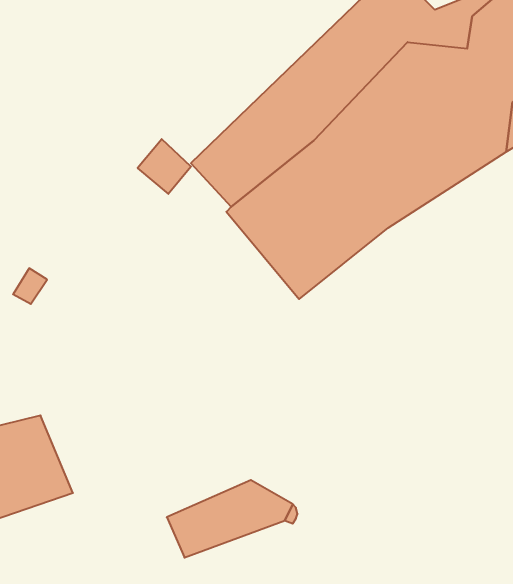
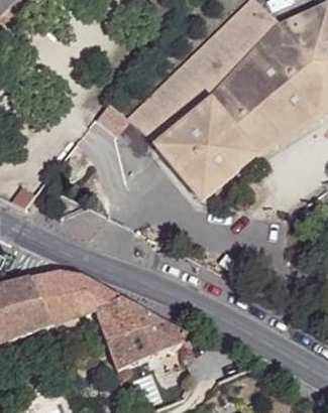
building: none -> [29,271,160,342]

